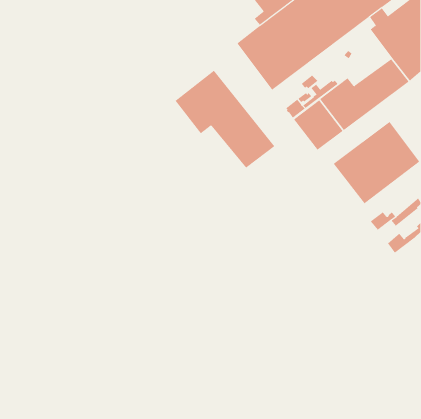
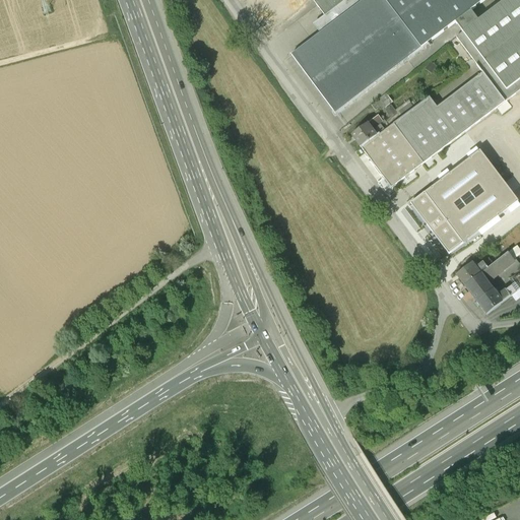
building: [174,70,275,169] -> none
building: none -> [465,272,493,301]

